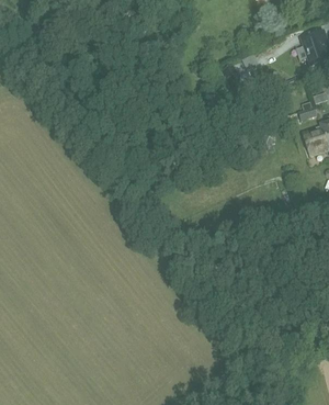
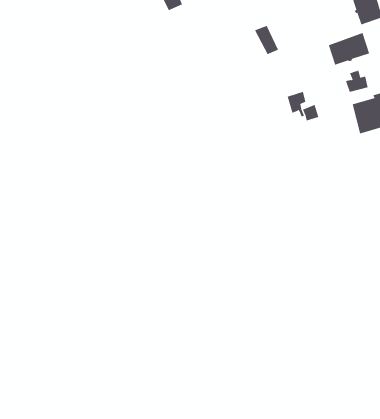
building: none -> [328,32,370,65]

